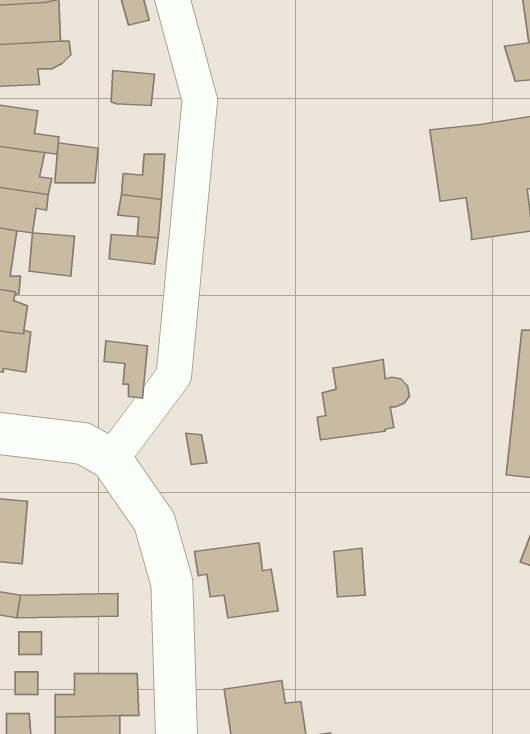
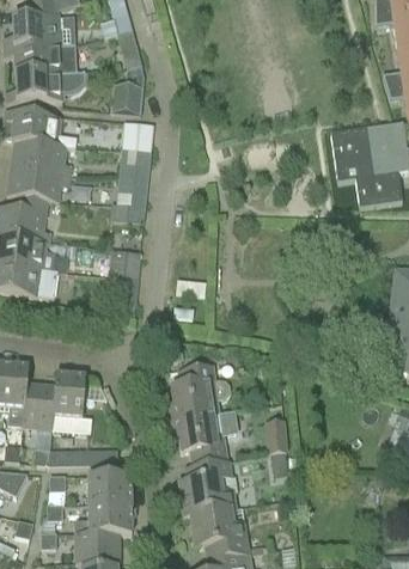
building: [55,143,98,183] -> [122,121,152,148]
building: [29,233,74,276] -> [109,250,140,280]
building: [317,360,409,440] -> [167,366,231,421]
building: none -> [51,373,93,433]
building: none -> [179,461,238,516]
building: none -> [87,475,130,504]

